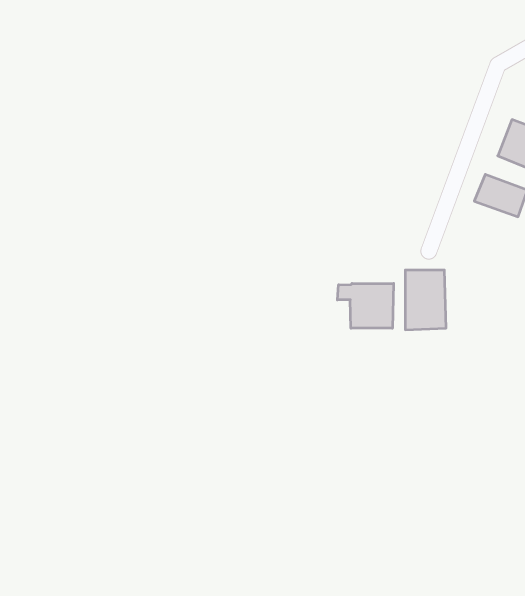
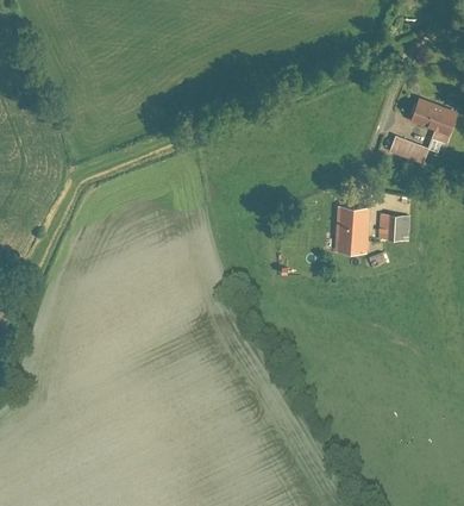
building: none -> [382,215,408,242]
building: [337,283,394,328] -> none

